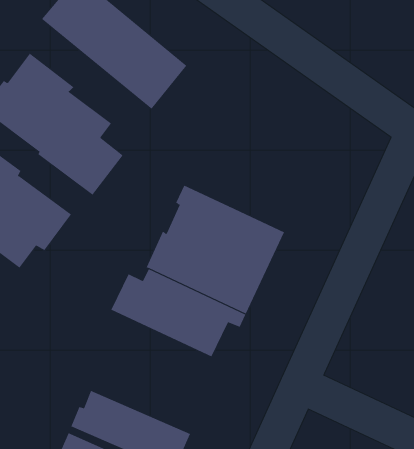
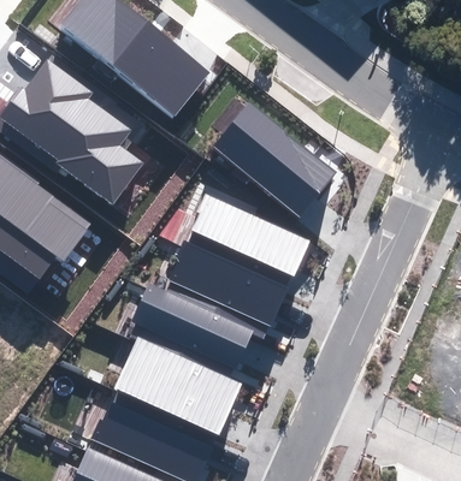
building: none -> [212,101,337,218]
building: none -> [112,339,241,435]

